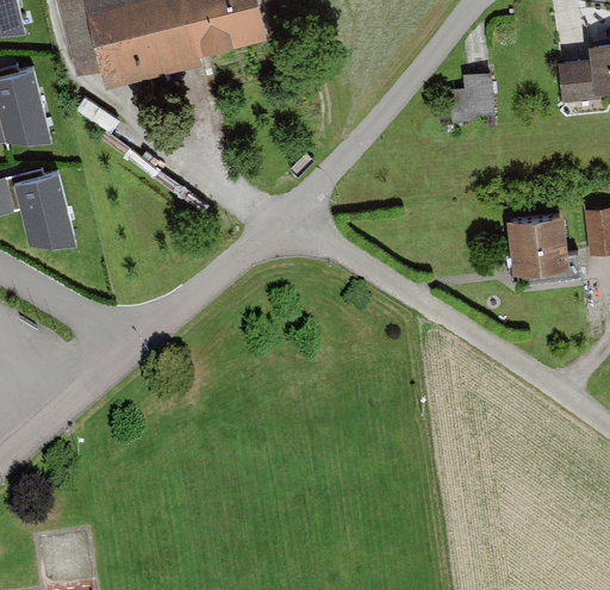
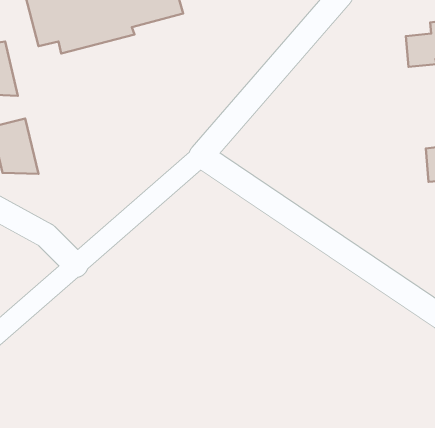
building: [450,73,493,120] -> none
building: [509,213,579,282] -> none

